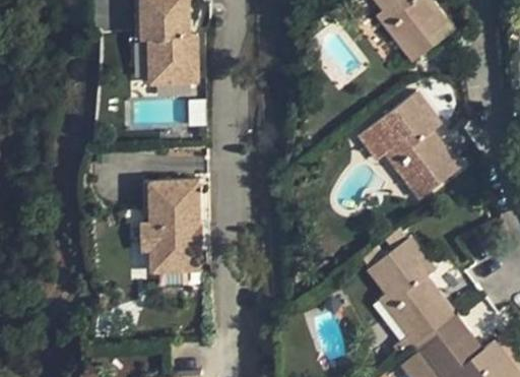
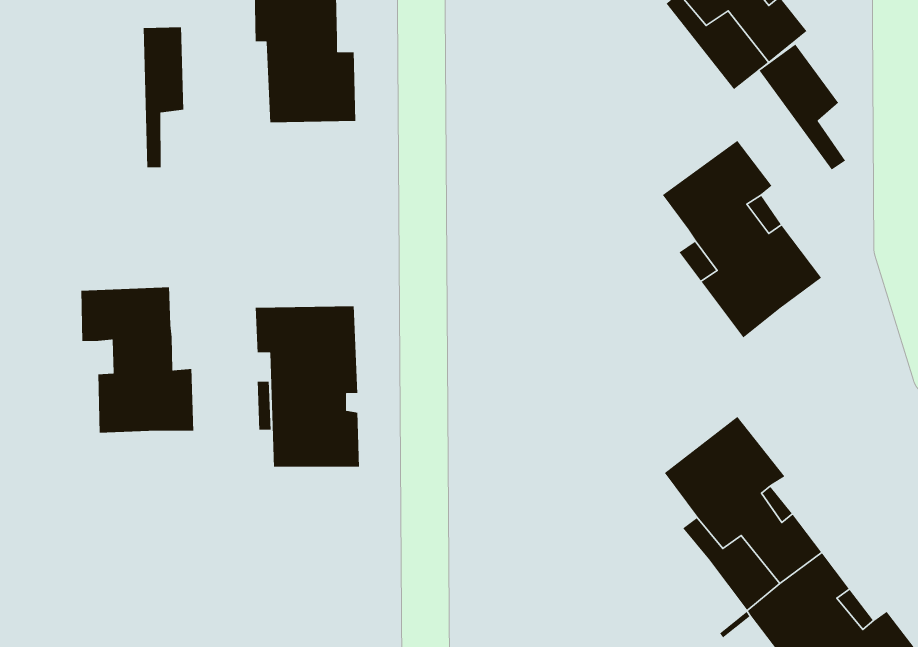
building: none -> [143,27,184,168]
building: none -> [758,43,846,170]
building: none -> [80,287,194,433]

